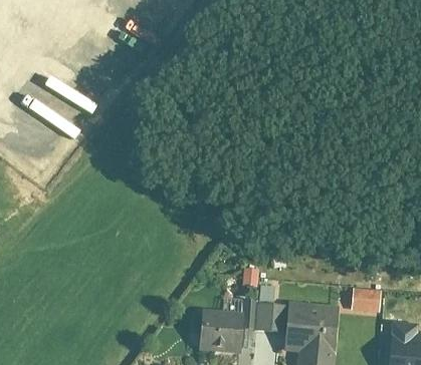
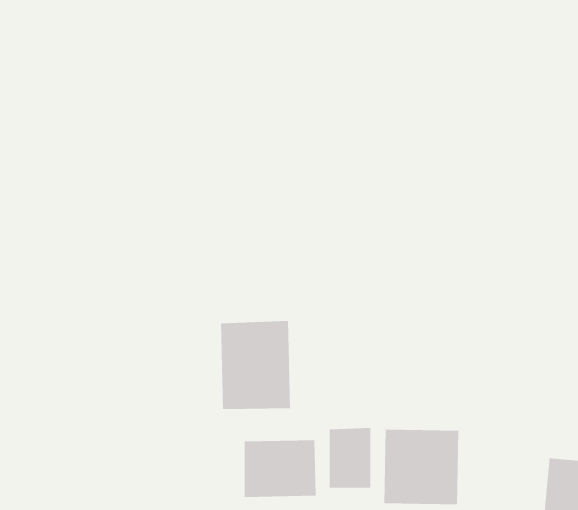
building: none -> [221,320,291,410]
building: [350,290,381,312] -> none

